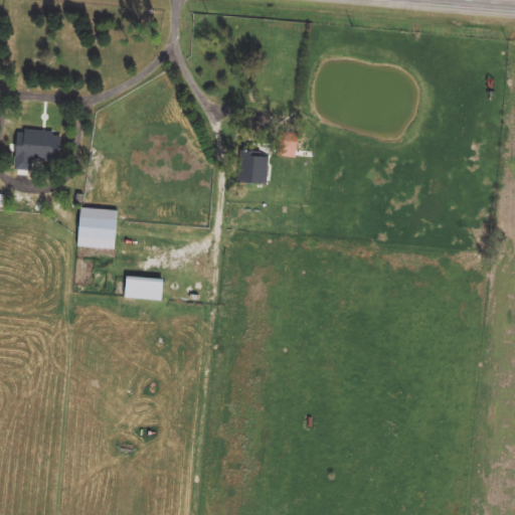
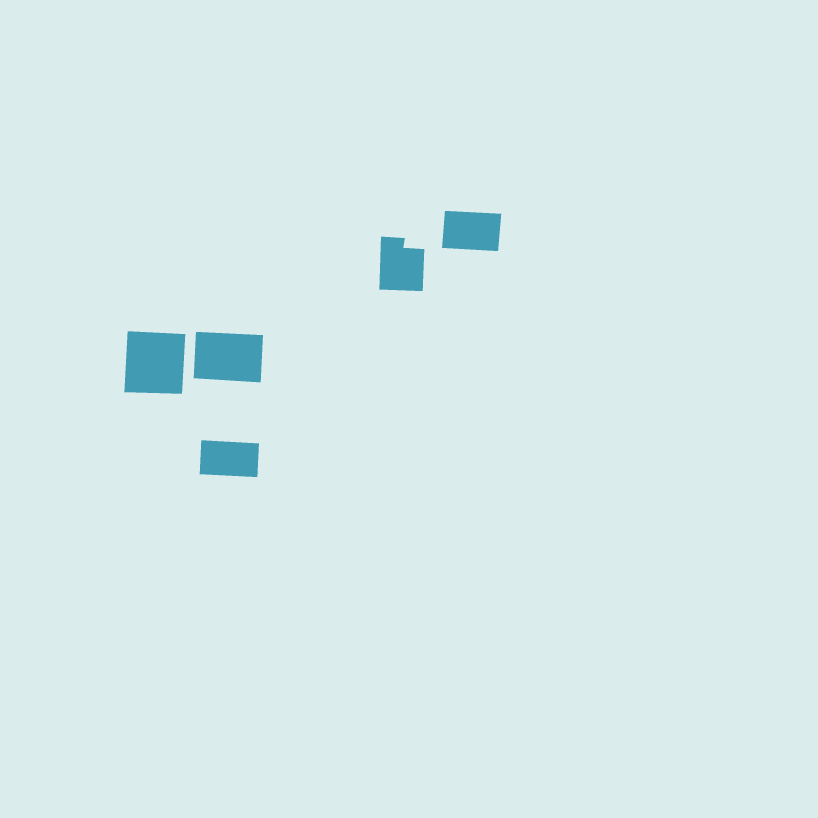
building: [14,130,60,170] -> none
building: none -> [193,331,264,383]

